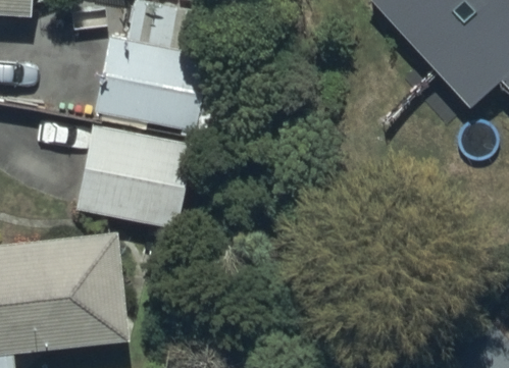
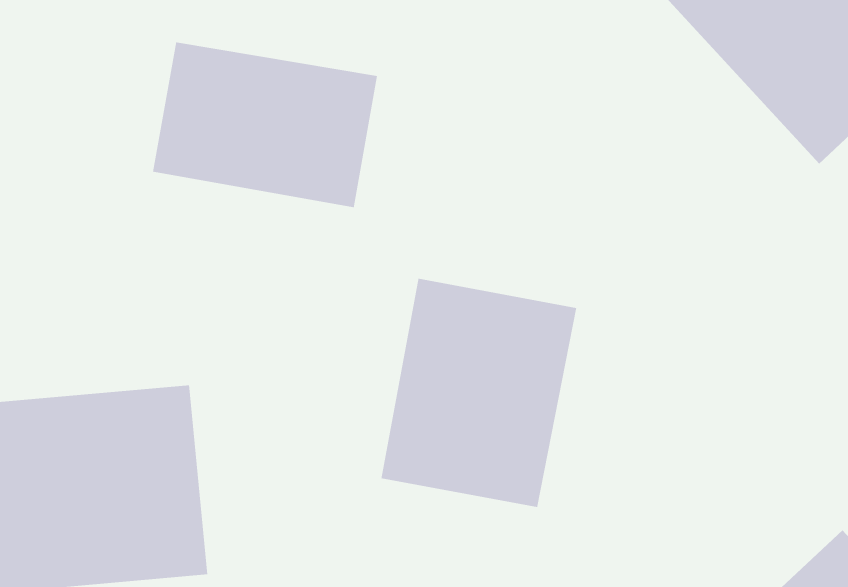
building: [74,125,210,231] -> none
building: none -> [381,278,577,508]

